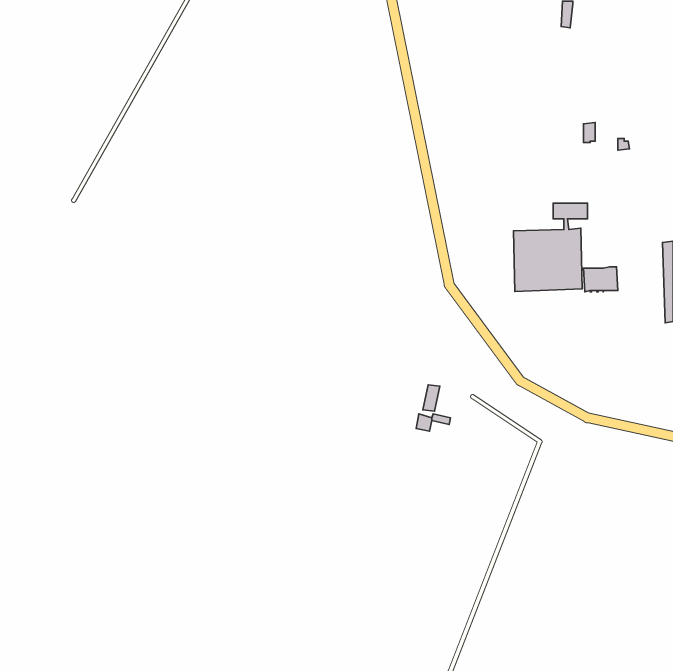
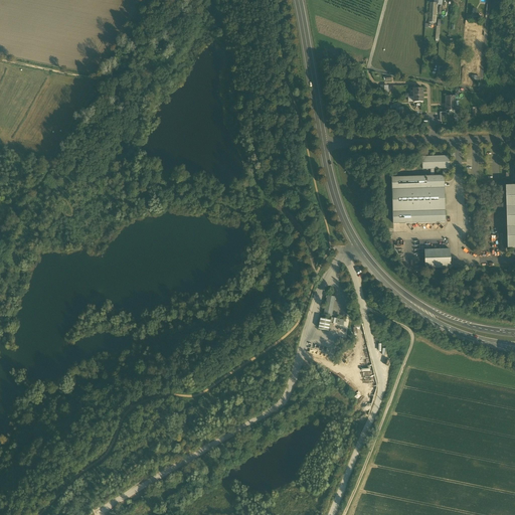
building: [584,267,618,292] -> [424,247,451,267]

